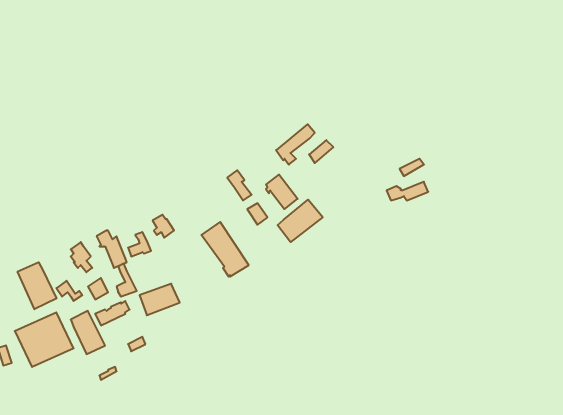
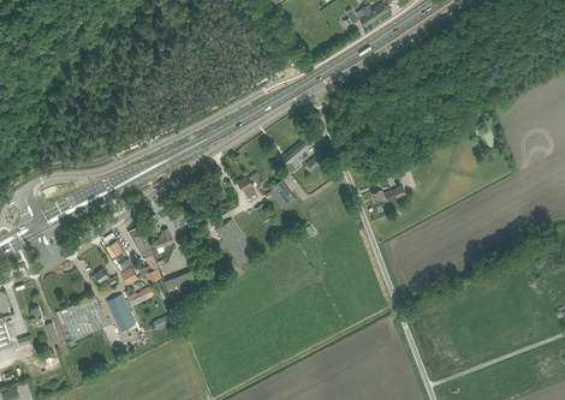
building: [278,200,323,242] -> none
building: [18,262,56,309] -> none

